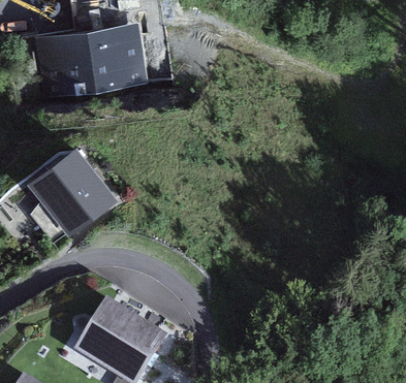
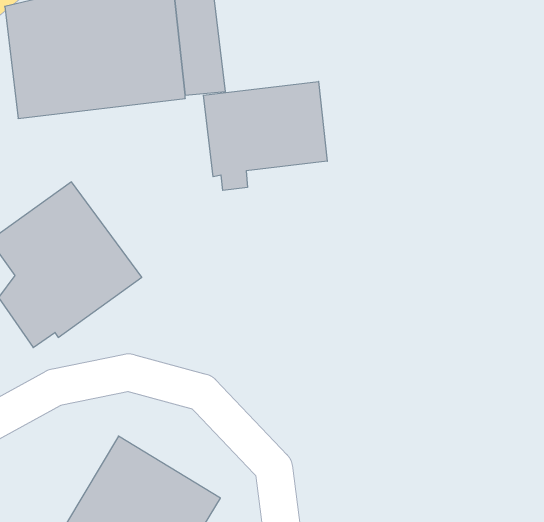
building: none -> [204,81,327,190]

